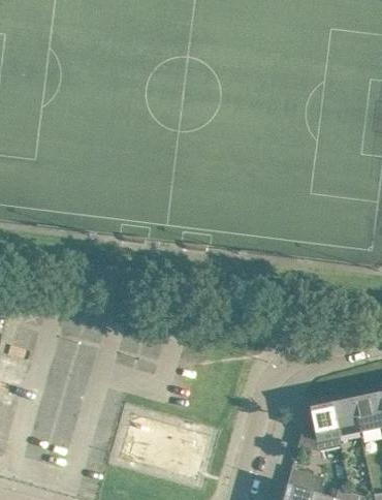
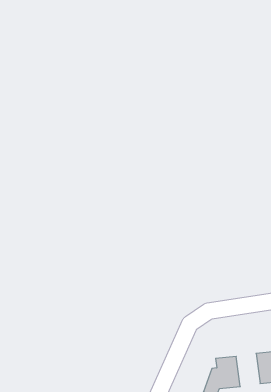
building: [331,398,360,436] -> none

